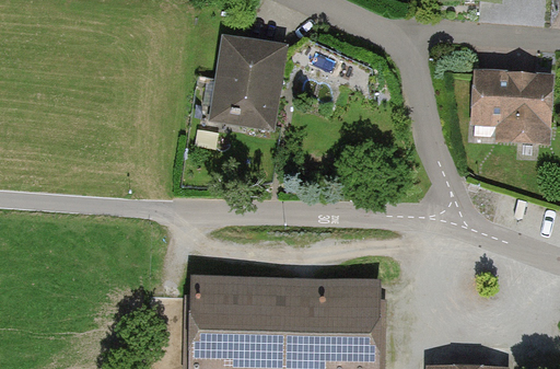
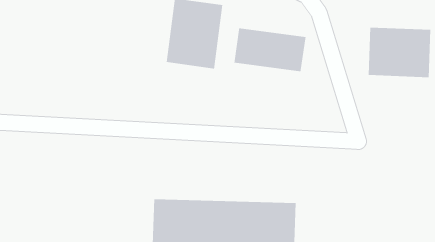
building: none -> [234,28,306,72]

